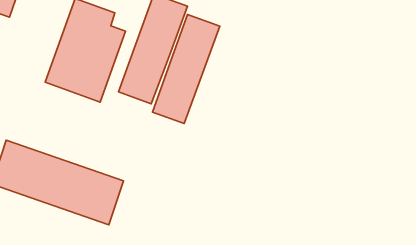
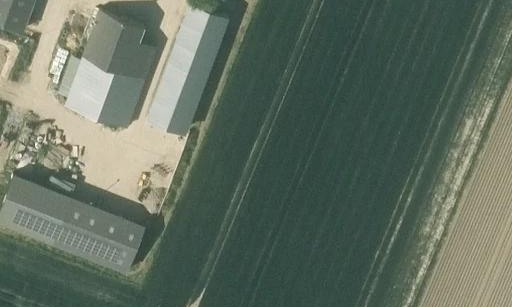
building: [153,14,220,124] -> none

